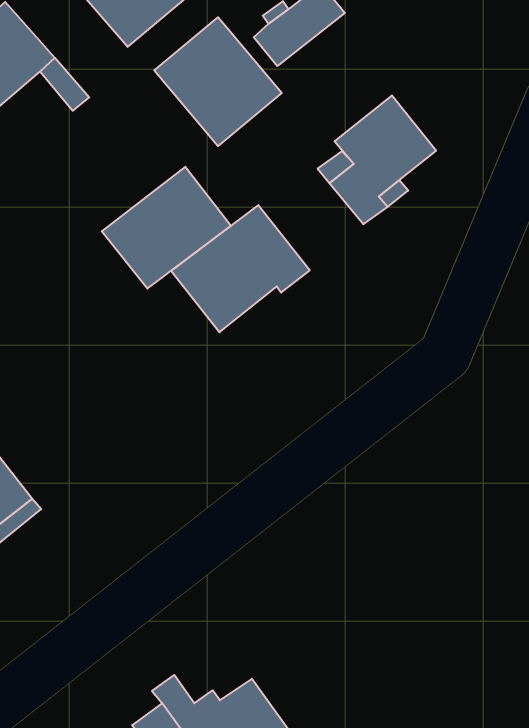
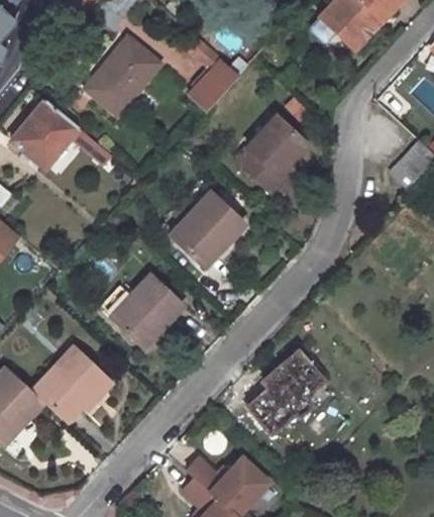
building: [154,17,282,146] -> none
building: [102,167,231,289] -> [108,274,181,346]
building: none -> [252,354,330,441]

